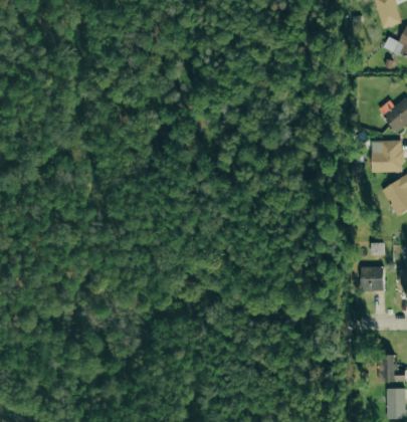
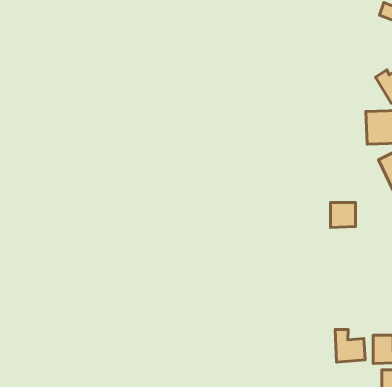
building: [360,266,384,290] -> [330,202,356,228]
building: none -> [335,329,365,362]

